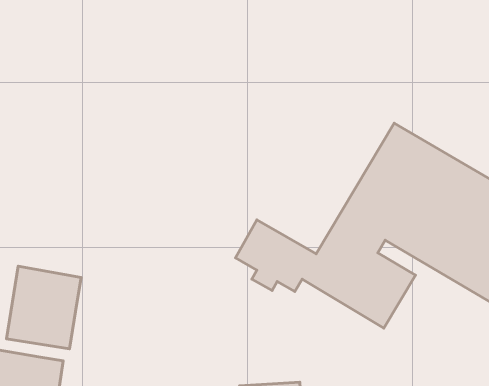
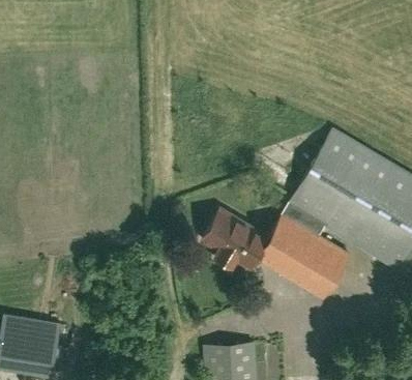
building: [6,266,81,349] -> none

